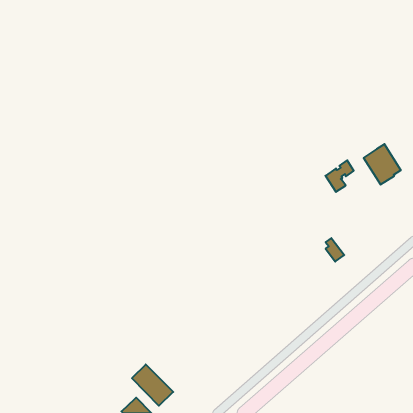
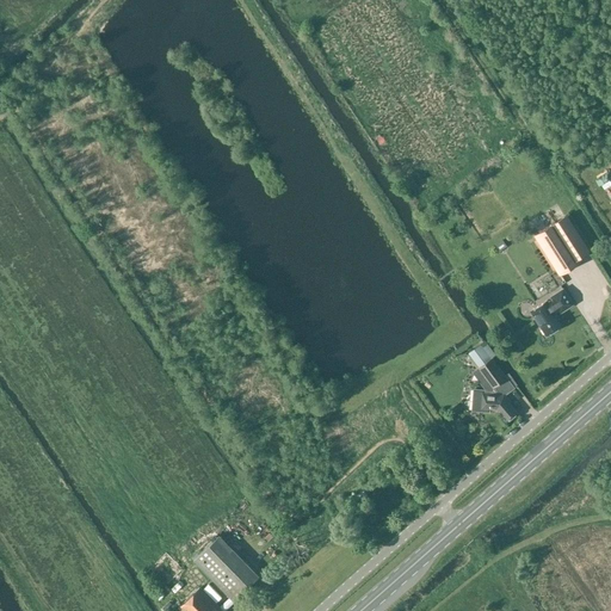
building: [325,160,354,192] -> [532,286,574,333]
building: none -> [473,387,518,418]

